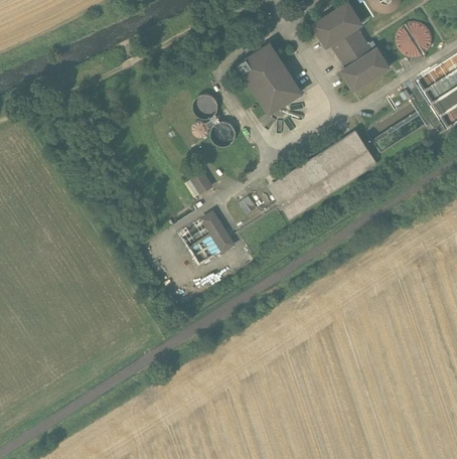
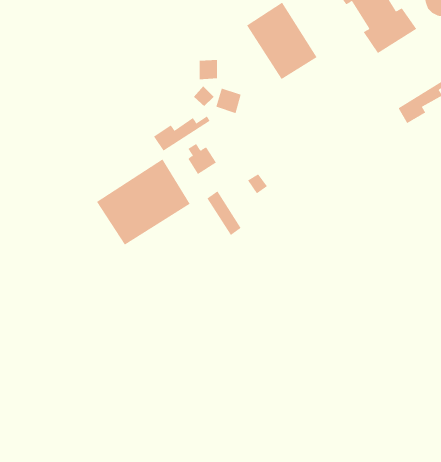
building: [271,133,374,217] -> none
building: none -> [153,116,211,151]
building: none -> [96,159,191,246]

